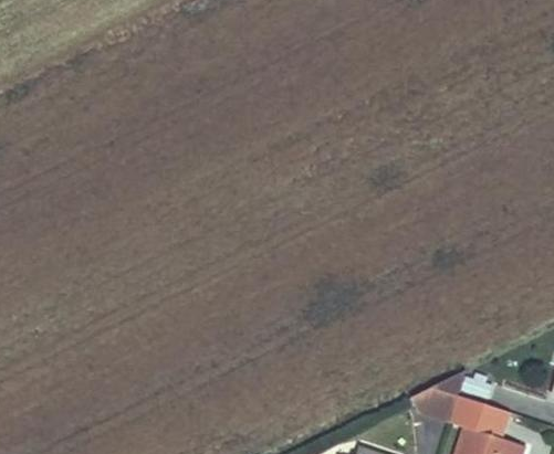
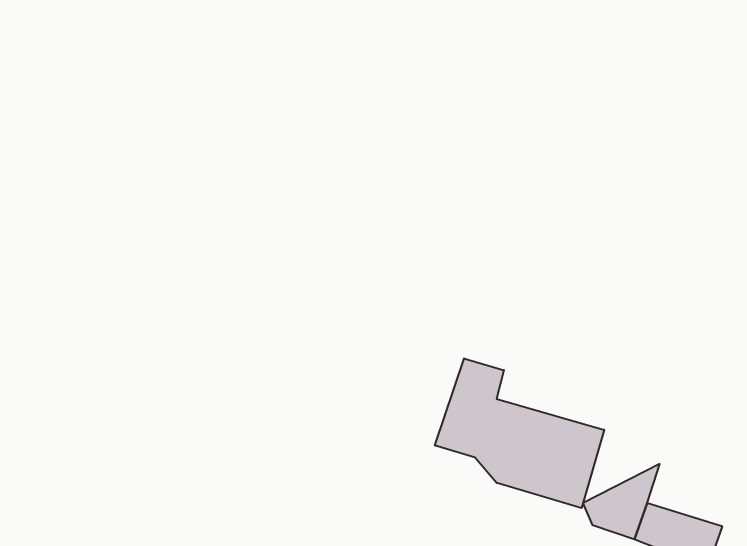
building: none -> [435,358,604,508]

